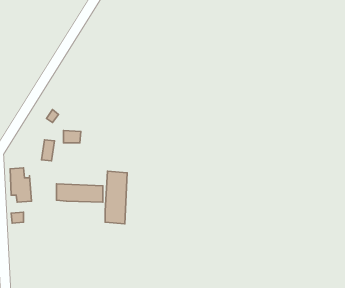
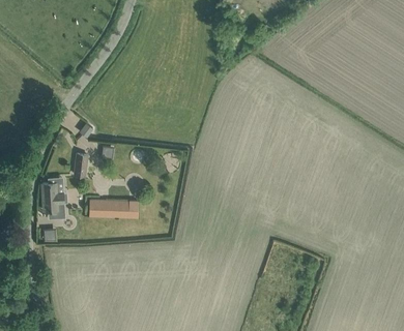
building: [105,171,127,224] -> none

